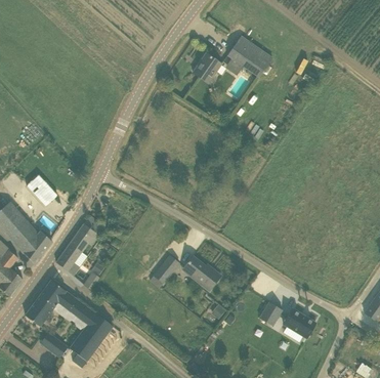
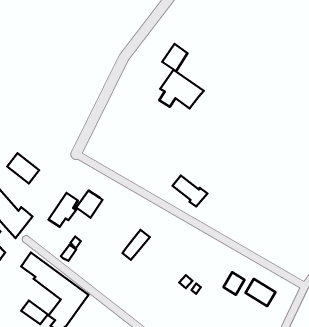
building: [225,35,273,77] -> [159,70,204,109]
building: [56,244,85,274] -> [76,190,103,218]
building: [183,256,221,290] -> [172,175,207,207]
building: [25,295,55,326] -> none

